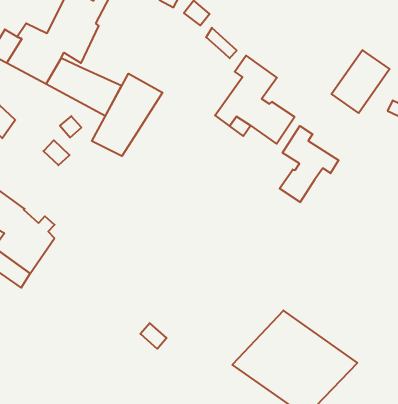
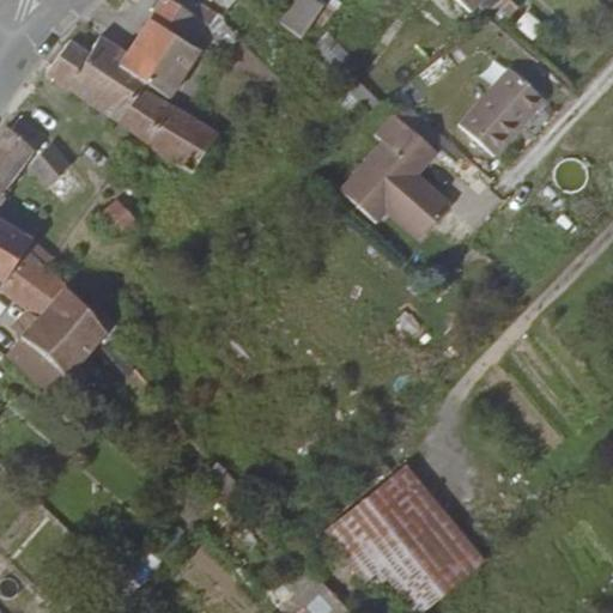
building: [331,50,390,113] -> [460,69,542,154]
building: [92,74,162,156] -> none
building: [280,126,339,202] -> none

